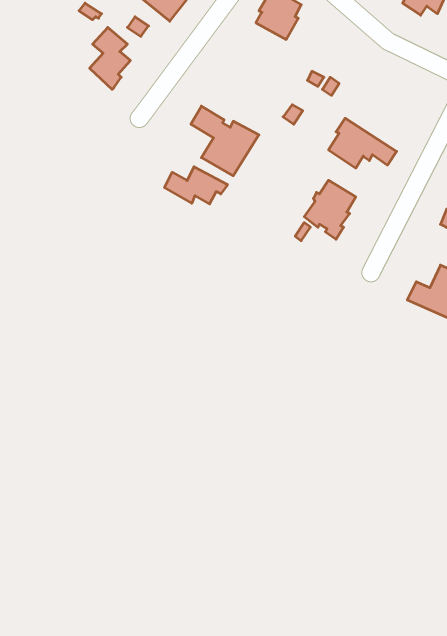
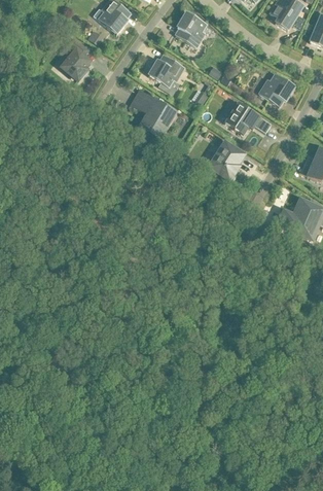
building: none -> [148,54,184,86]
building: none -> [258,73,294,105]
building: [165,167,227,204] -> none

